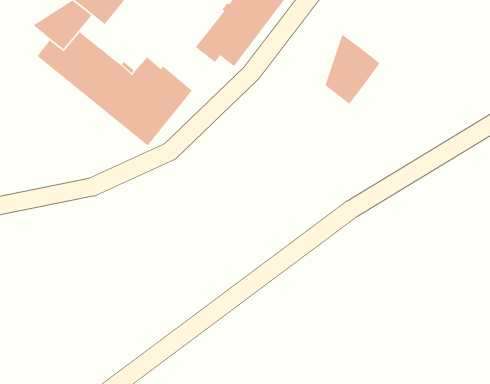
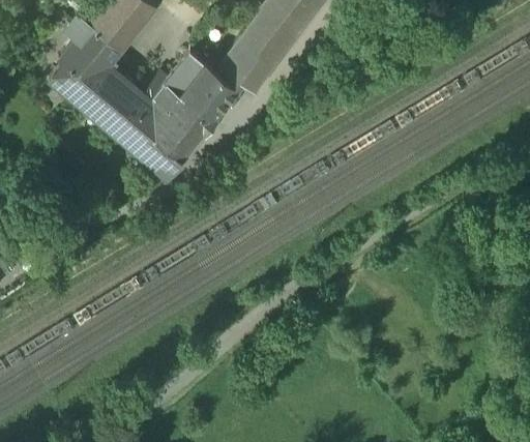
building: none -> [165,53,235,118]
building: [325,33,381,105] -> none

